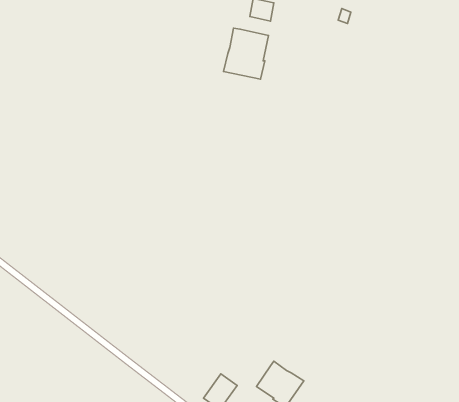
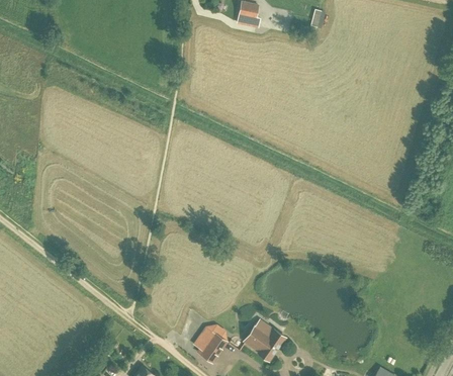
building: [223,28,269,79] -> none

